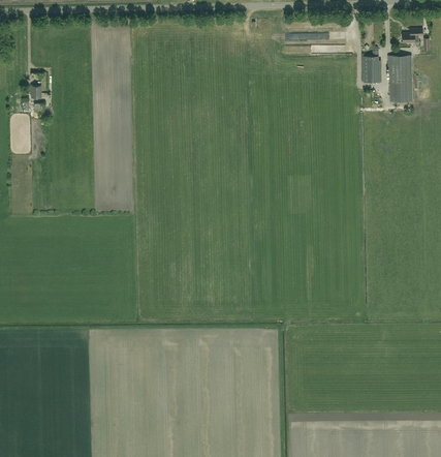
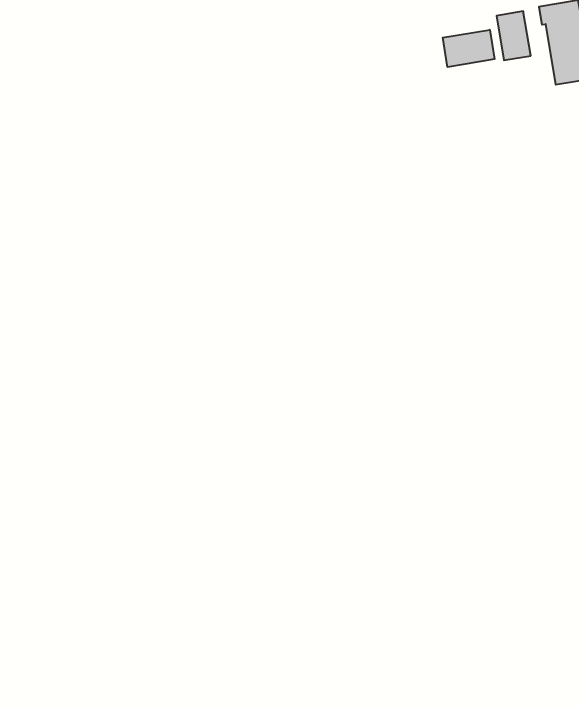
building: none -> [443,30,495,67]

